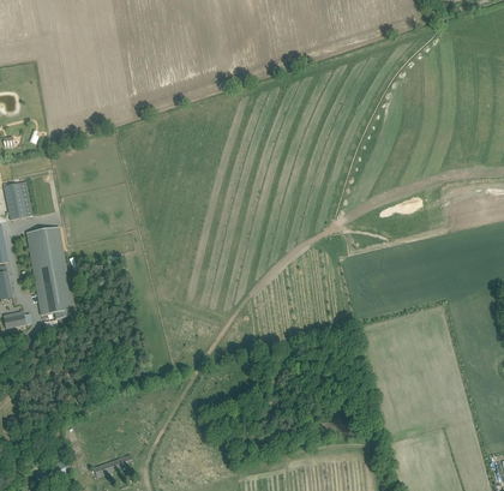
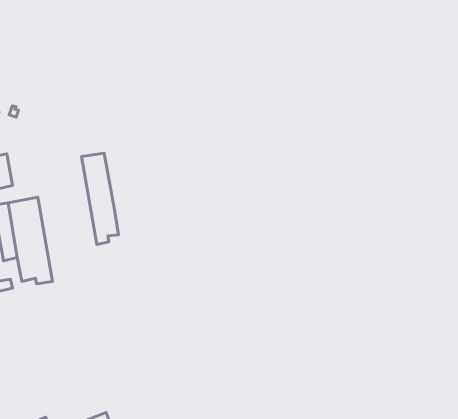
building: none -> [81,153,119,244]

